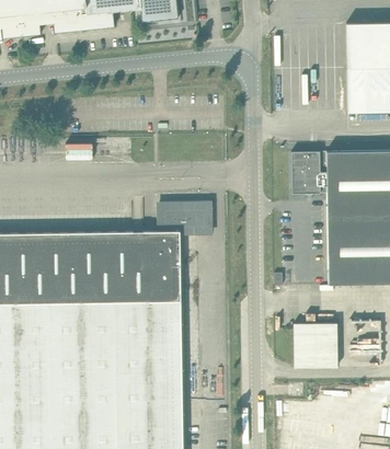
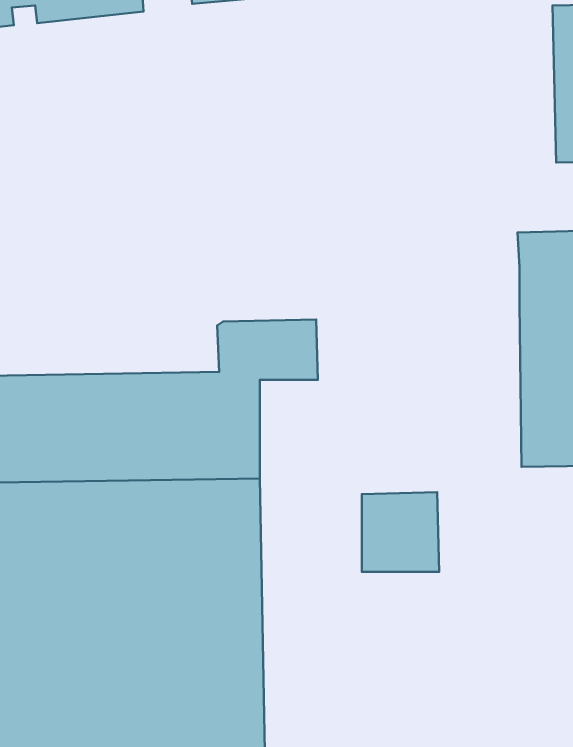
building: [291,151,326,193] -> none
building: [294,322,337,367] -> [362,492,439,572]

